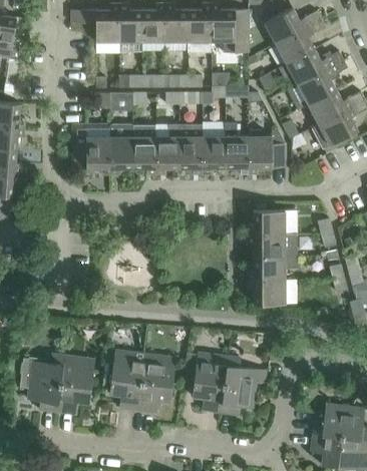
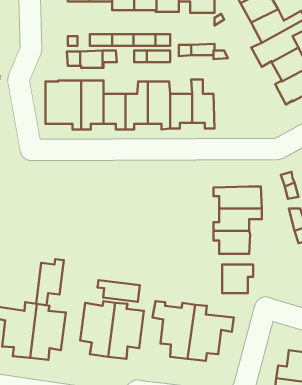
building: [248,128,286,172] -> none
building: [248,209,285,233] -> none
building: none -> [36,259,64,305]
building: none -> [222,264,253,293]
building: none -> [98,280,140,302]

